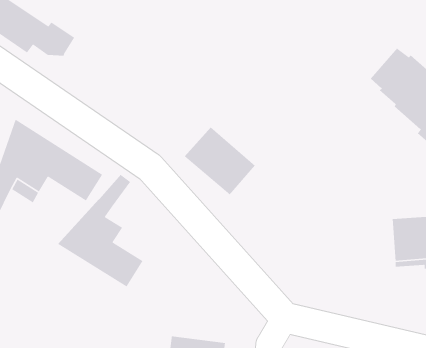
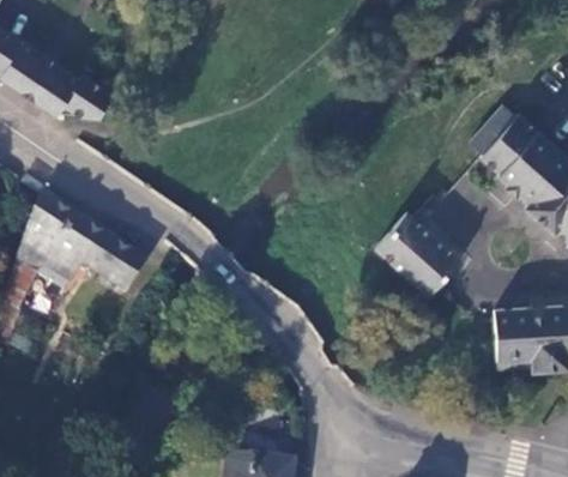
building: [184,127,256,196] -> [374,215,460,297]
building: [57,174,143,287] -> none

